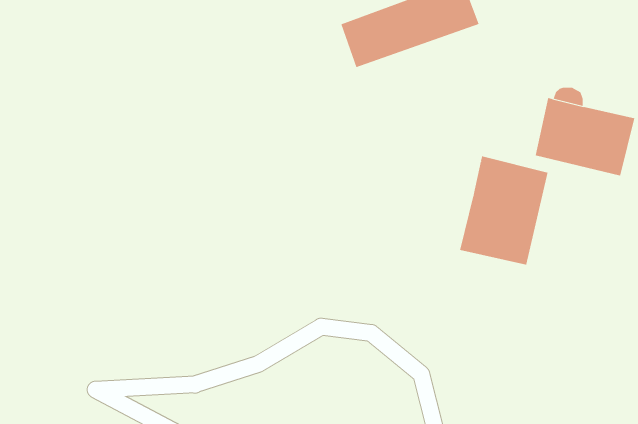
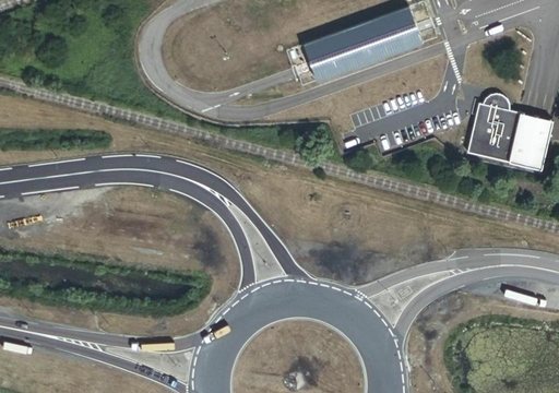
building: [460,156,548,266] -> none

